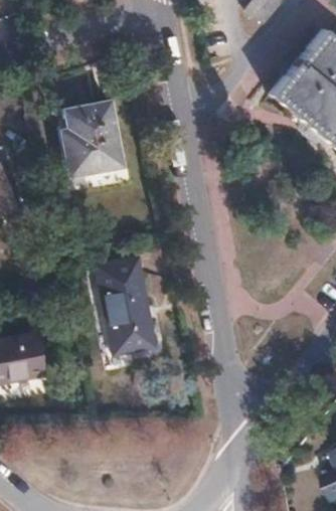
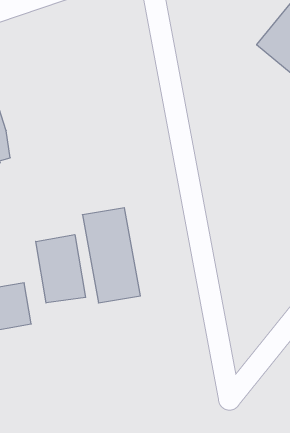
building: [60,99,121,174] -> none
building: none -> [36,235,86,303]

